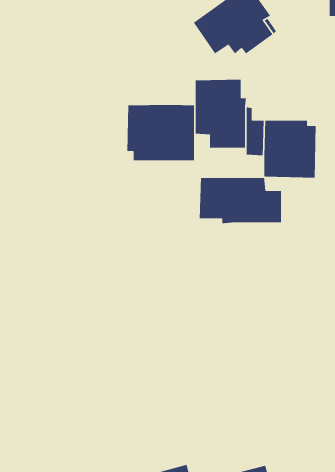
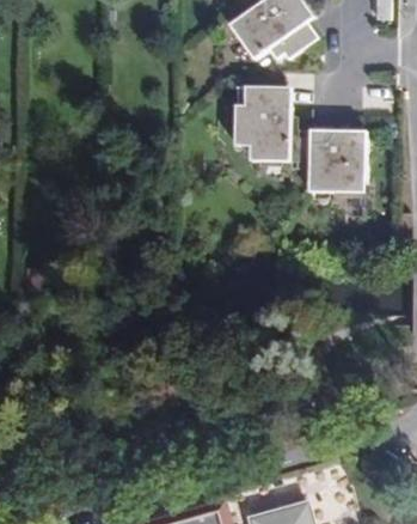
building: [127,104,195,161] -> none
building: [199,177,282,224] -> none

